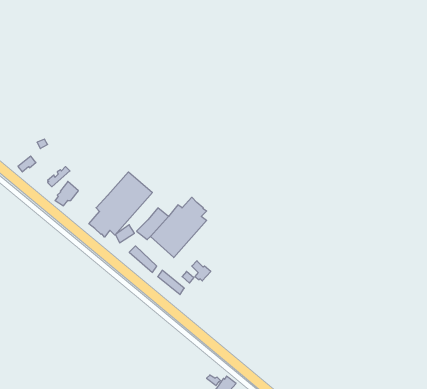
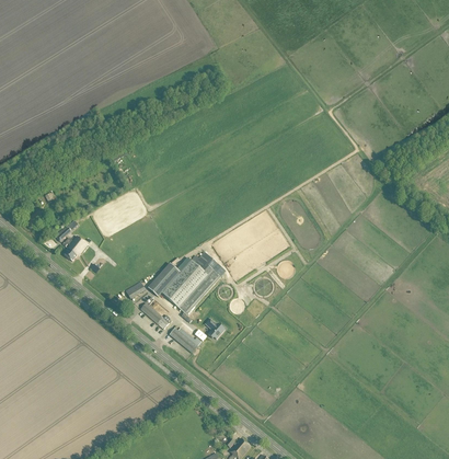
building: [89,172,152,237] -> none

